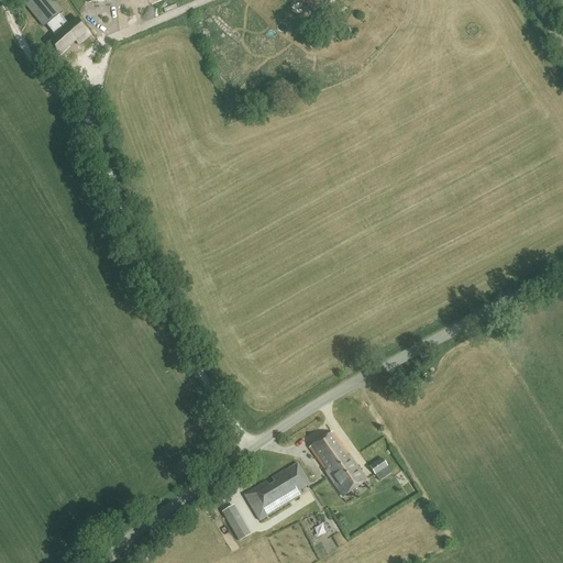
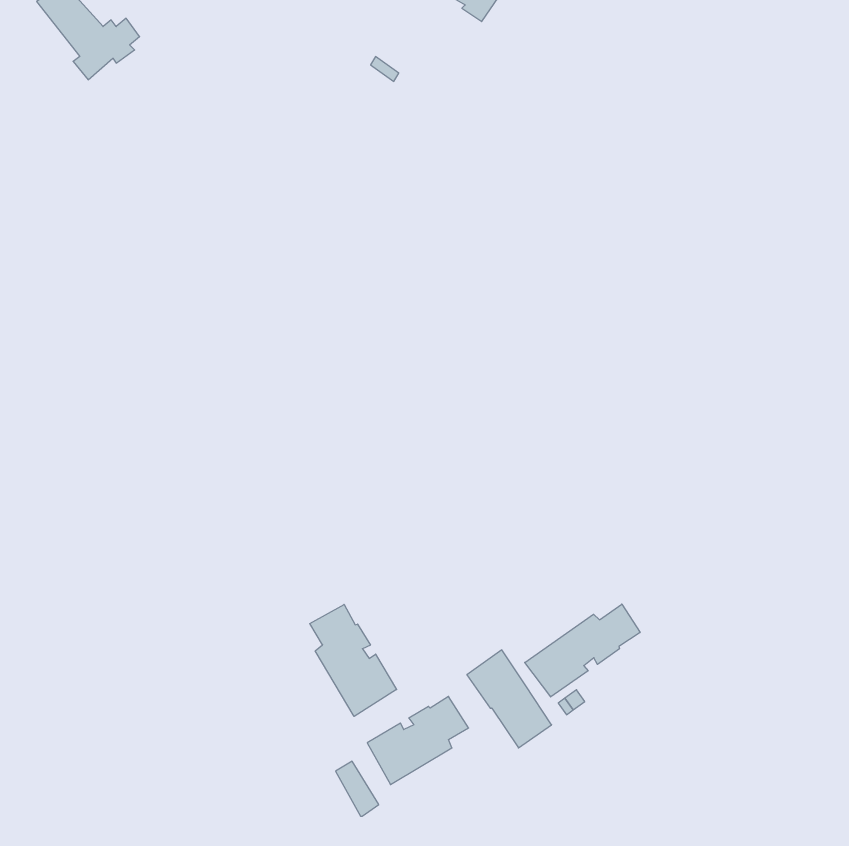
building: none -> [525,604,640,697]
building: none -> [310,604,397,716]

